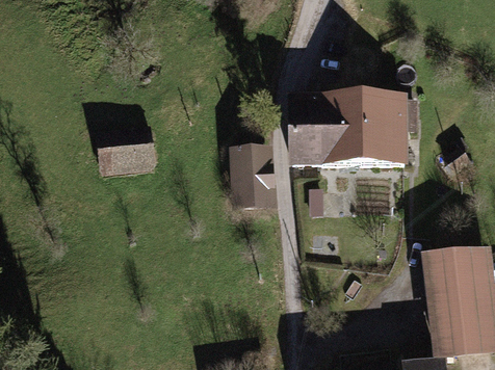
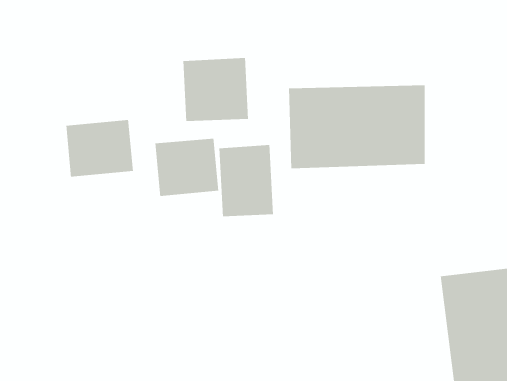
building: none -> [182,57,249,122]
building: none -> [154,138,219,197]

